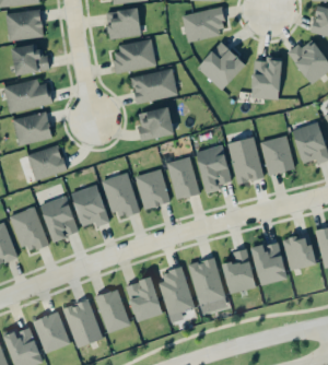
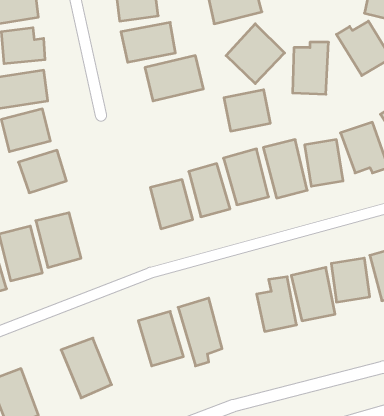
building: [136,107,174,141] -> [224,90,270,131]
building: [102,173,140,220] -> none
building: [70,185,109,227] -> none
building: [188,258,227,315] -> none
building: [94,289,130,333] -> none
building: [33,311,70,353] -> none

